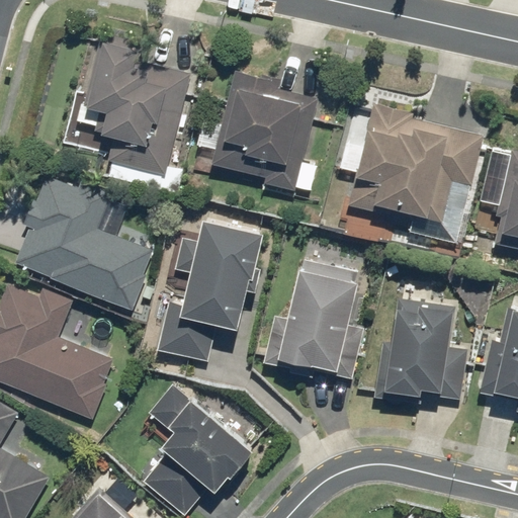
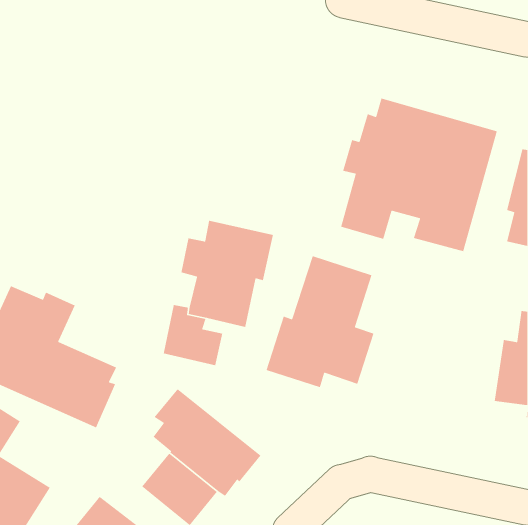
building: [80,29,198,178] -> none
building: [209,69,320,193] -> none
building: [15,176,160,308] -> none
building: [370,298,455,405] -> none

